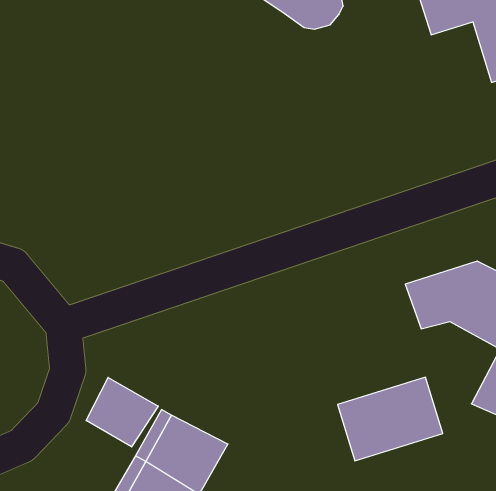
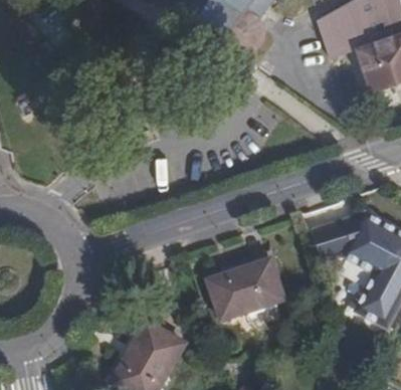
building: [338,377,443,461] -> [205,257,278,316]
building: [86,377,158,447] -> none

